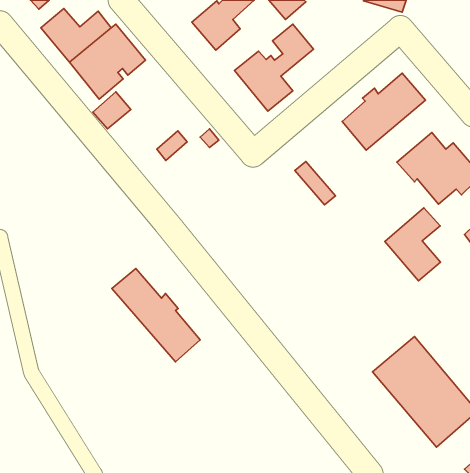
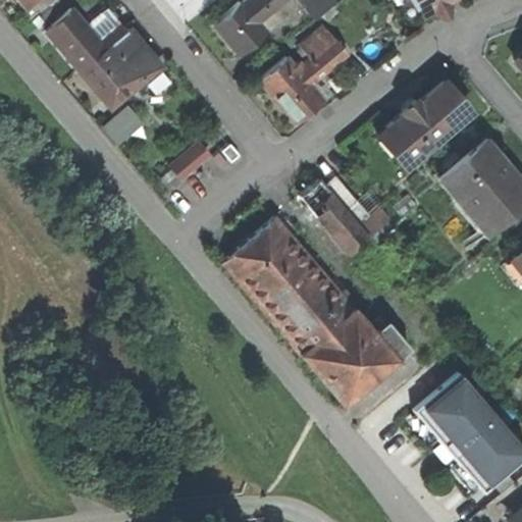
building: none -> [302,179,371,255]
building: none -> [223,217,411,404]
building: [385,208,440,281] -> none
building: [112,268,200,362] -> none

